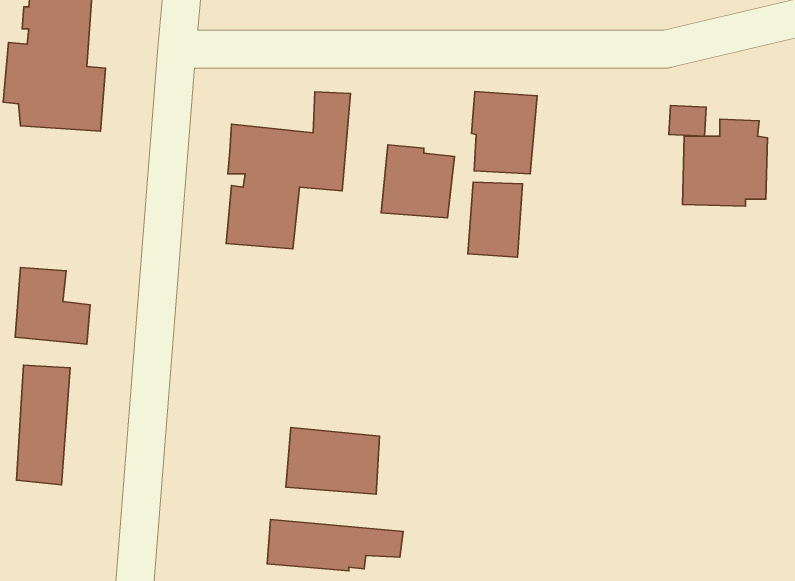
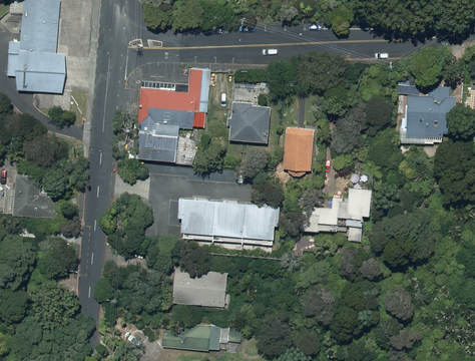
building: [472,91,537,174] -> none
building: none -> [310,189,372,231]
building: none -> [176,196,278,245]
building: [17,365,70,485] -> none

